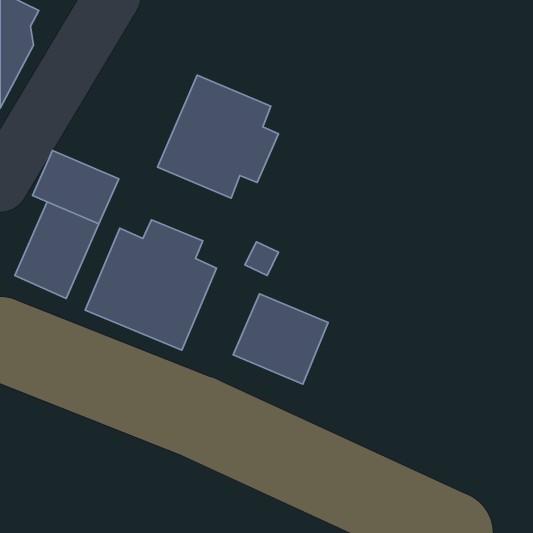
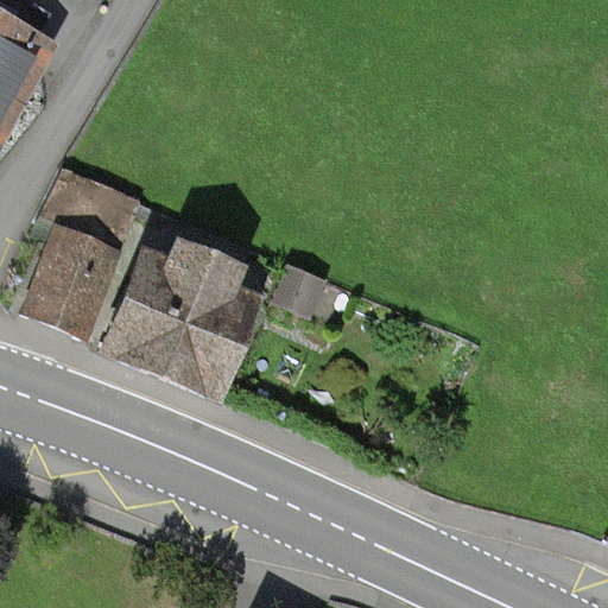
building: [157,75,279,198] -> none
building: [233,294,328,384] -> none

